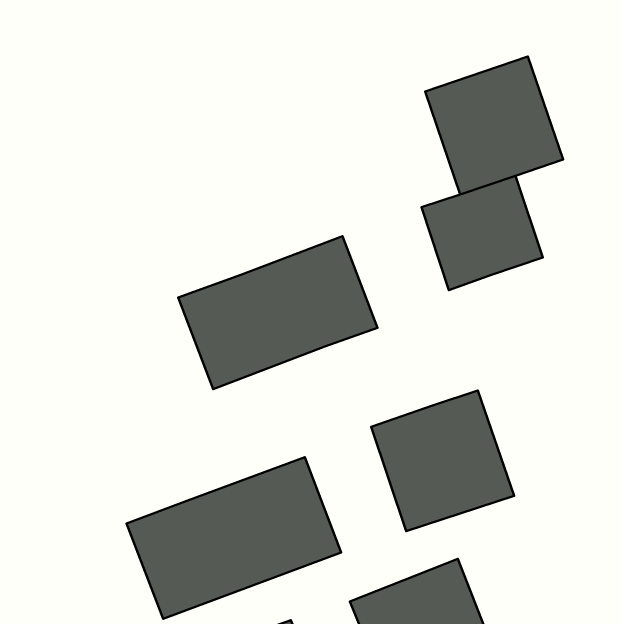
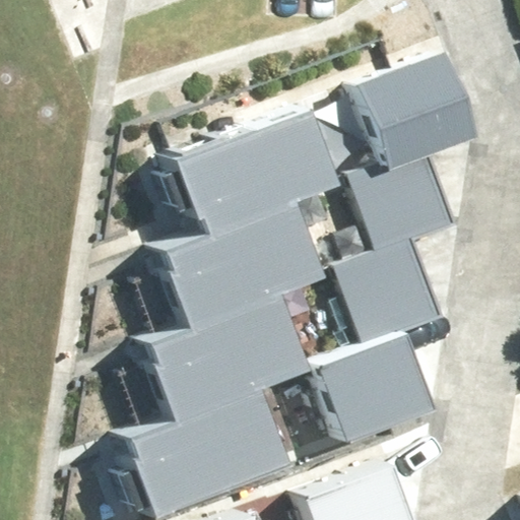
building: none -> [180,108,337,237]
building: none -> [339,237,441,342]
building: none -> [141,295,306,418]

